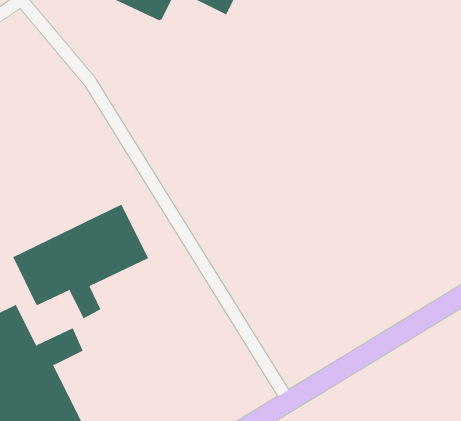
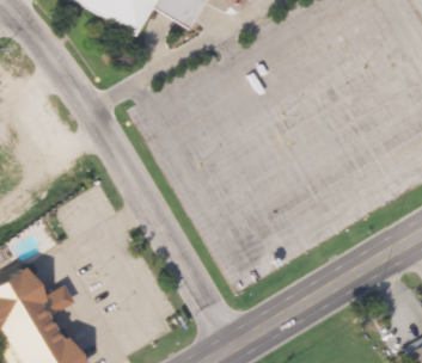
building: [12,204,149,319] -> none

